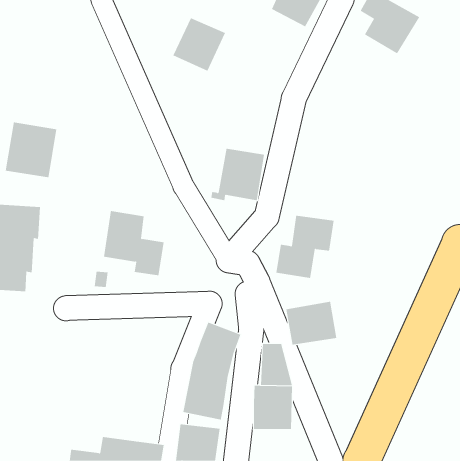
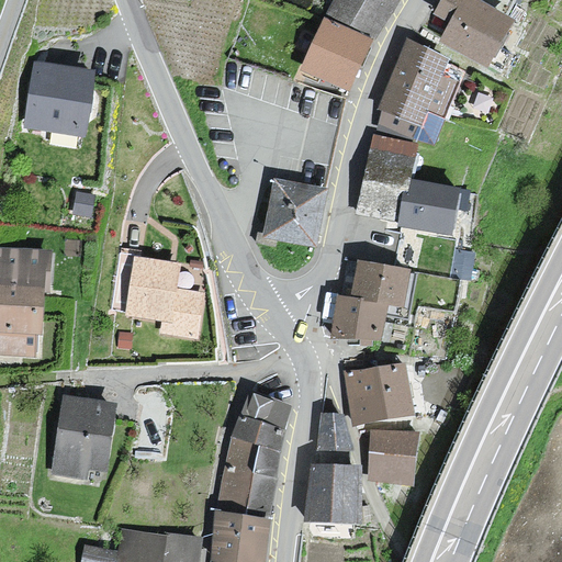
building: [172,17,226,72] -> [303,21,368,87]
building: none -> [381,43,458,144]
building: none -> [362,138,457,232]
building: [5,122,57,178] -> [27,64,91,132]
building: none -> [56,398,114,474]
building: none -> [371,436,412,483]

